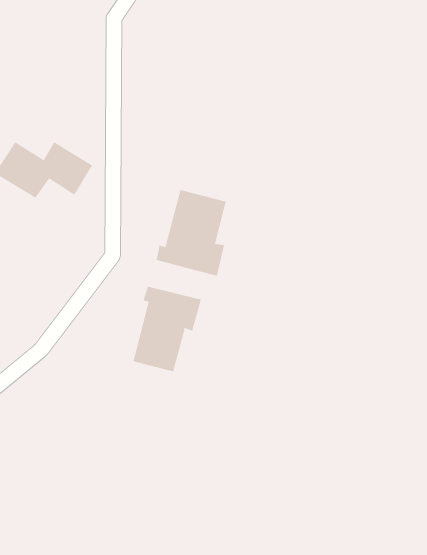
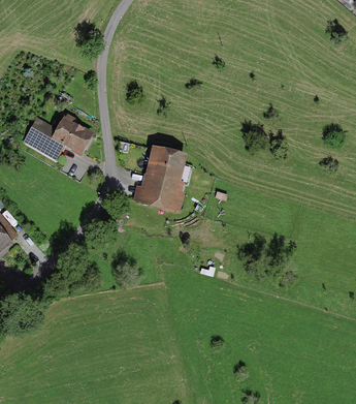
building: [133,286,202,372] -> none

